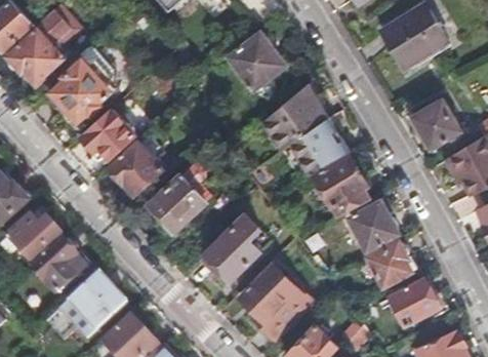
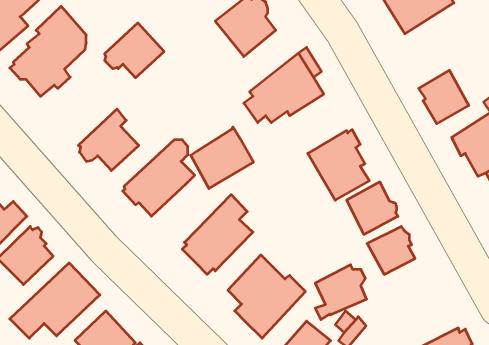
building: [81,110,134,159] -> [105,23,164,78]
building: [291,119,348,174] -> [191,127,253,189]
building: [390,277,436,326] -> [315,265,367,320]

